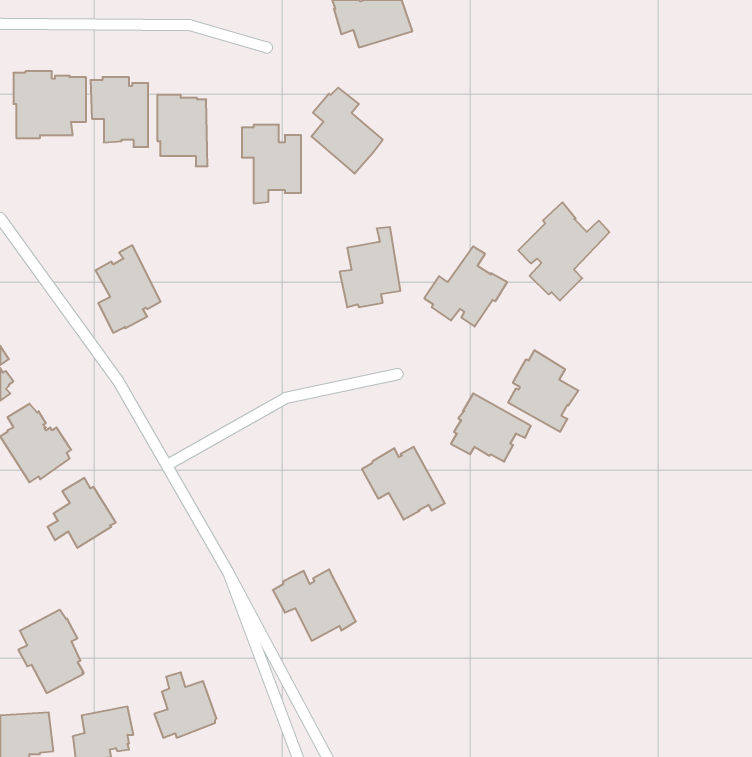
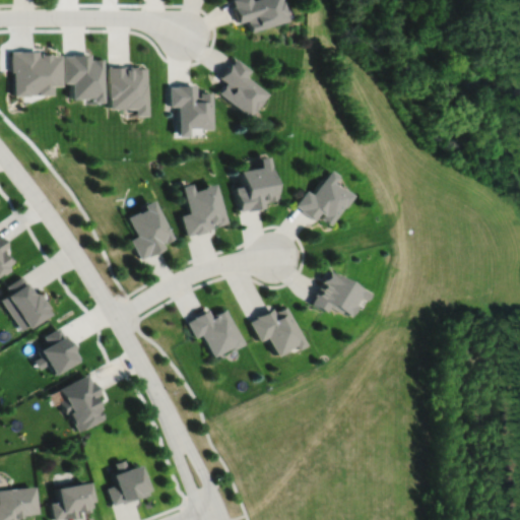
building: [518,202,609,301] -> none
building: [95,245,161,333] -> [131,200,176,260]
building: none -> [183,183,230,236]
building: [508,350,578,432] -> none
building: [273,569,356,641] -> [189,309,246,358]
building: [18,610,84,693] -> [62,376,107,433]

